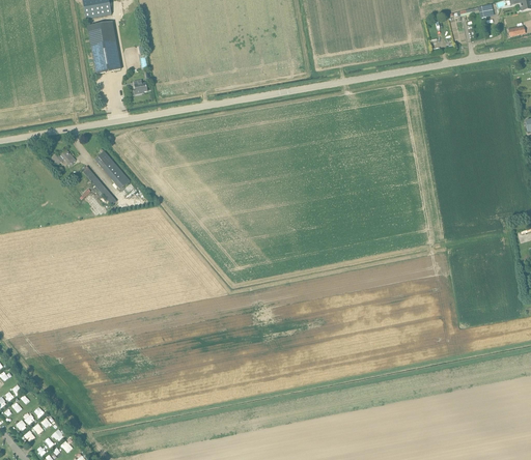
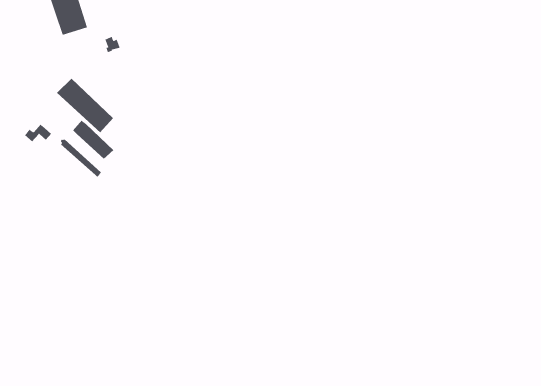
building: none -> [56,78,114,133]

